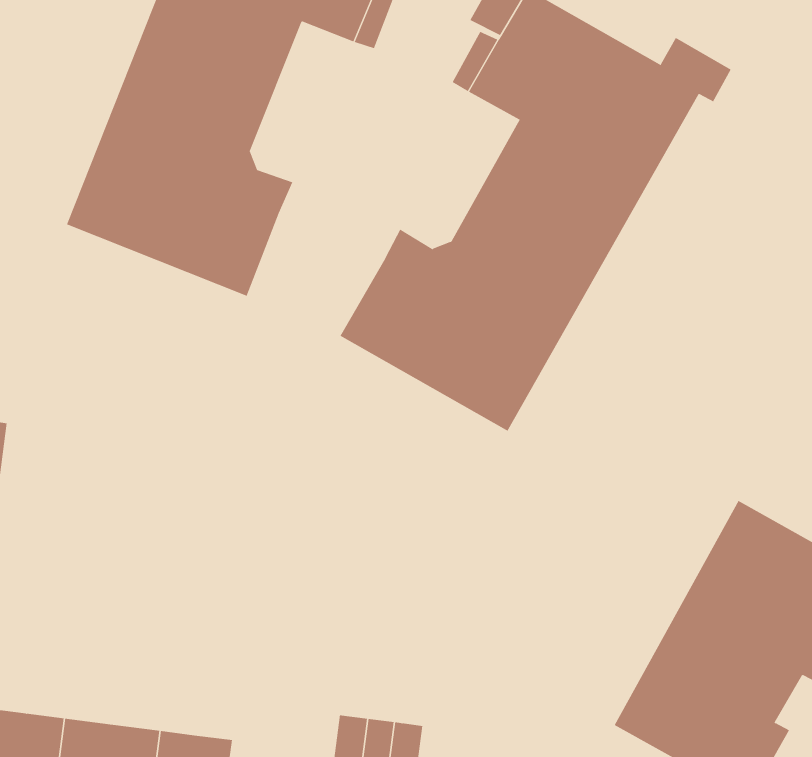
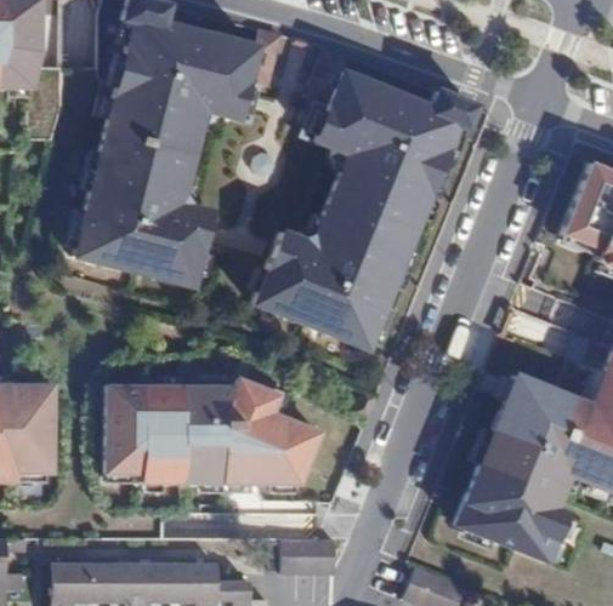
building: none -> [104,377,320,484]

